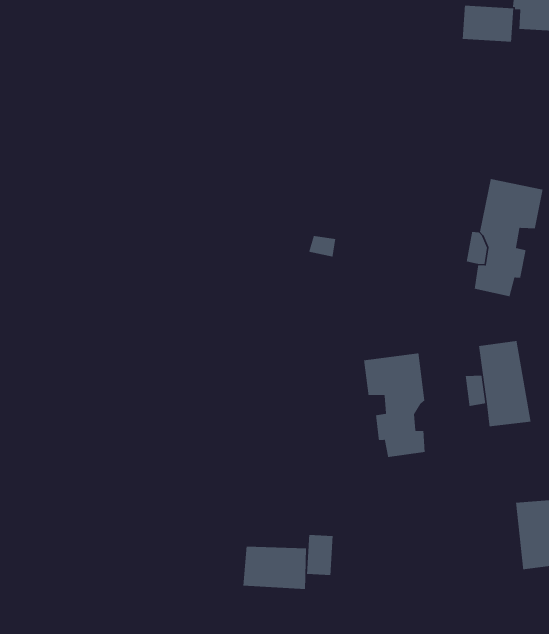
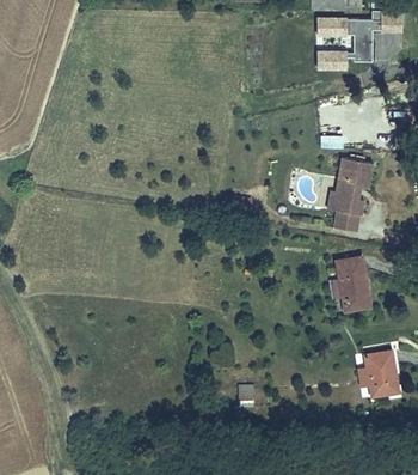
building: [363,353,425,458] -> none
building: [243,546,307,590] -> none

